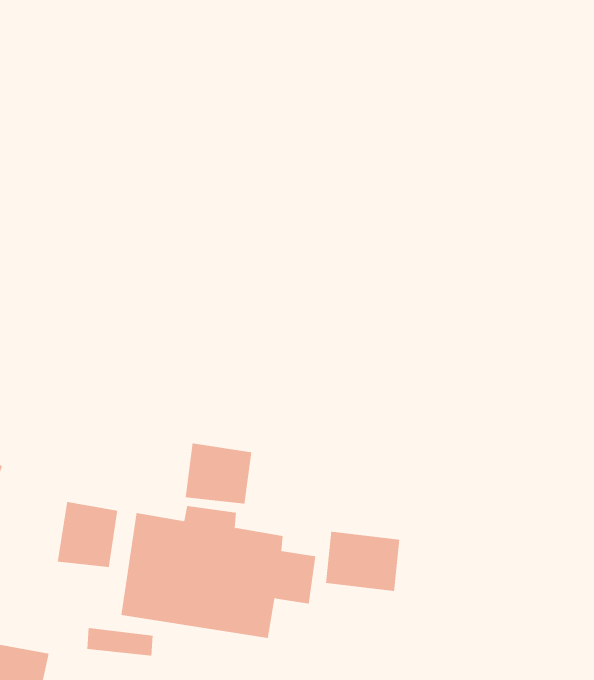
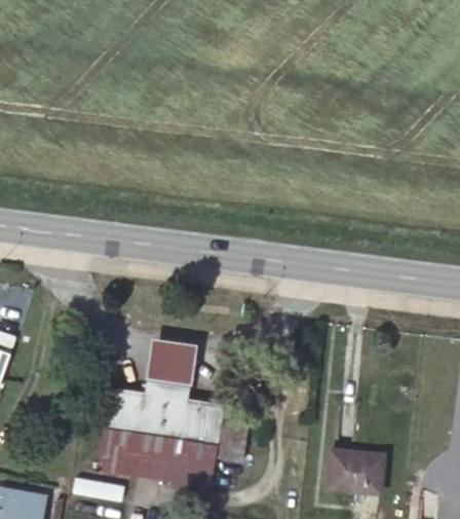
building: [57,501,118,568] -> none
building: [325,531,400,592] -> [329,450,385,495]

